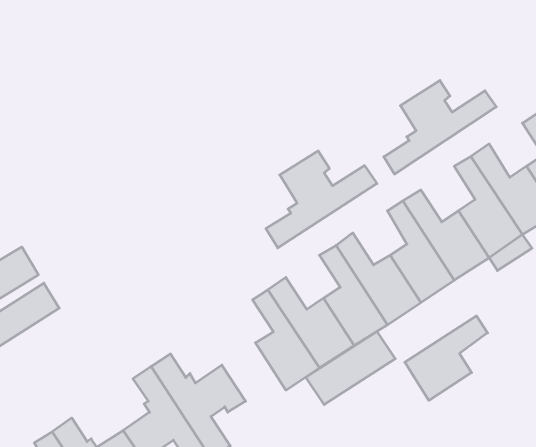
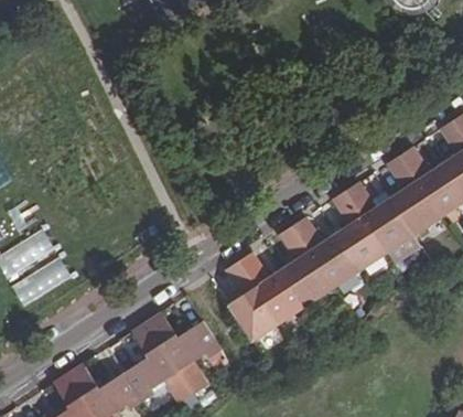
building: [384,80,496,174] -> none
building: [266,151,377,248] -> none
building: [405,316,488,400] -> none
building: [306,331,395,405] -> none

